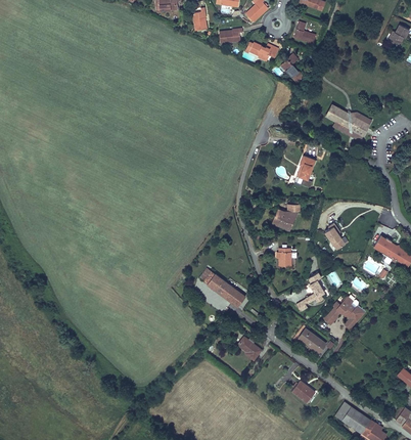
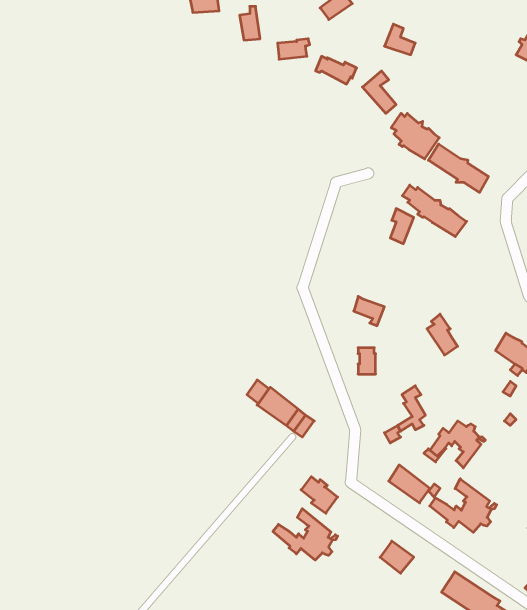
building: none -> [391,113,439,159]
building: none -> [402,185,467,237]
building: none -> [430,479,497,532]
building: none -> [273,509,338,560]

